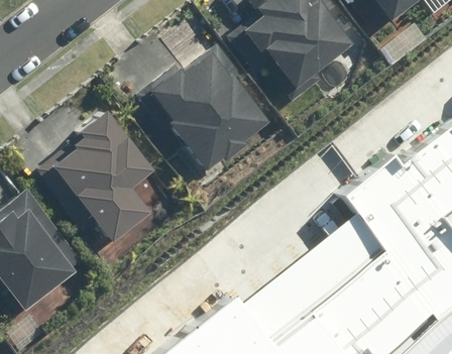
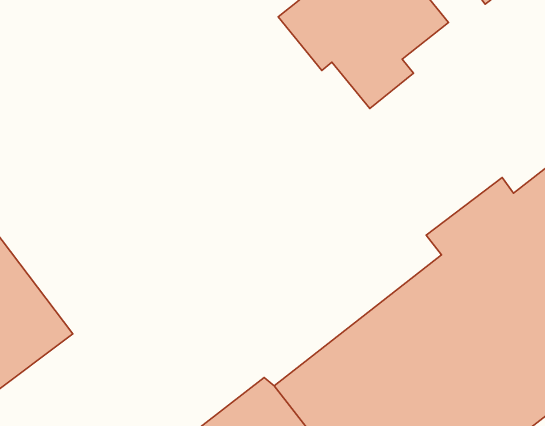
building: [145,44,277,173] -> none
building: [44,110,162,244] -> none

